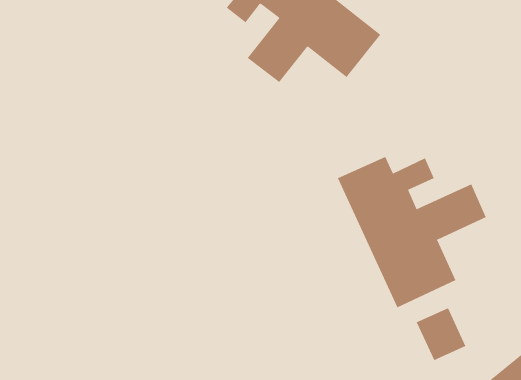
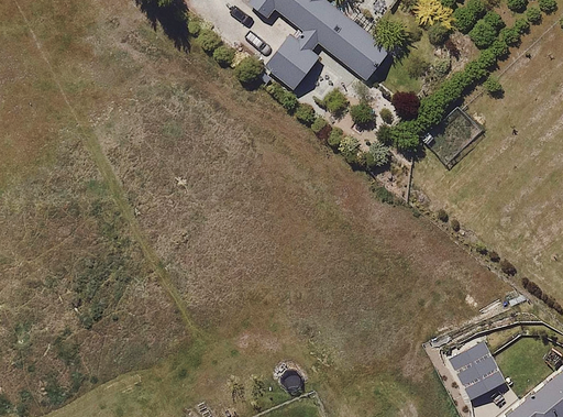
building: [337,156,486,308] -> none

